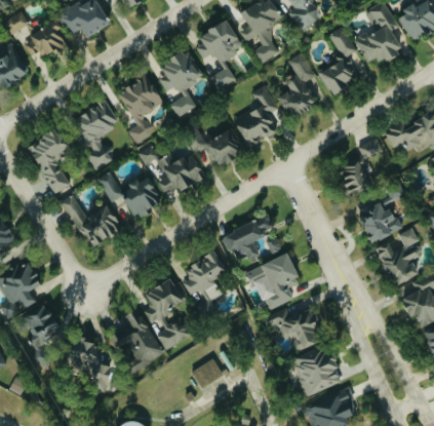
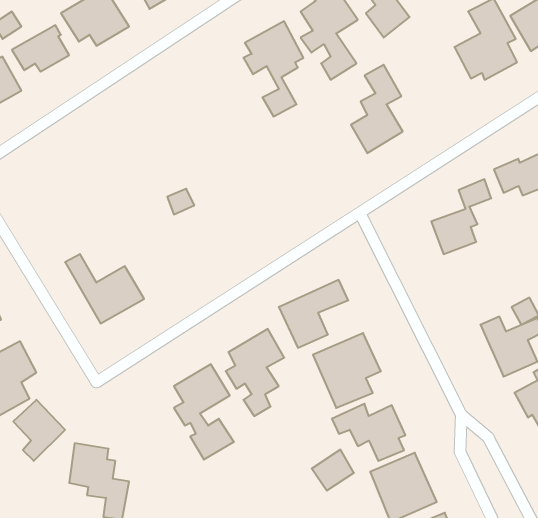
building: [319,28,360,93] -> none
building: [159,49,203,118] -> none
building: [117,76,163,145] -> none
building: [234,85,279,148] -> none
building: [71,100,119,170] -> none
building: [184,125,241,167] -> none
building: [26,130,71,193] -> none
building: [157,154,201,194] -> none
building: [98,172,162,218] -> none
building: [356,188,405,242] -> none
building: [109,308,164,374] -> none
building: [191,358,223,389] -> [312,450,354,490]

